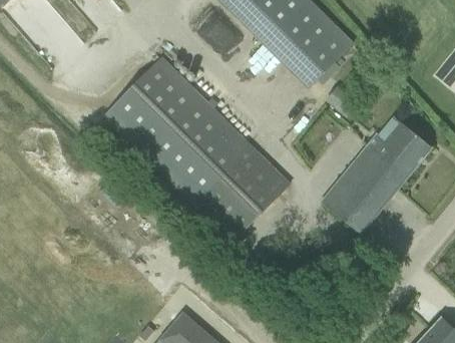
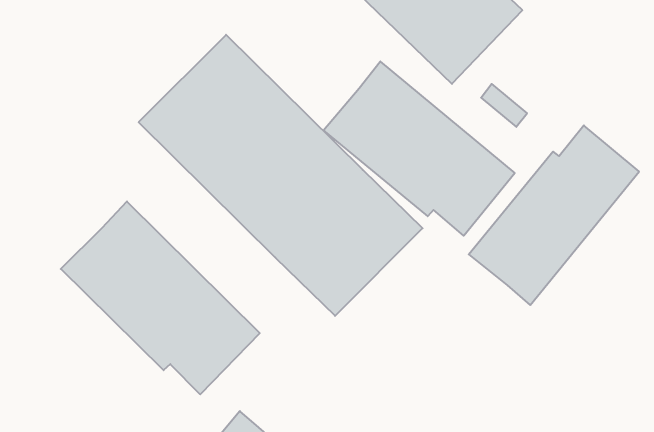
building: none -> [324,61,515,236]
building: none -> [61,201,260,394]

